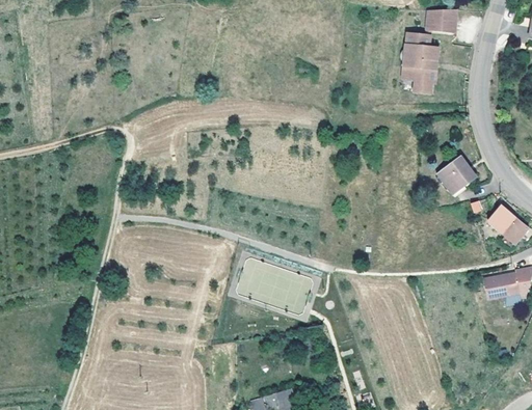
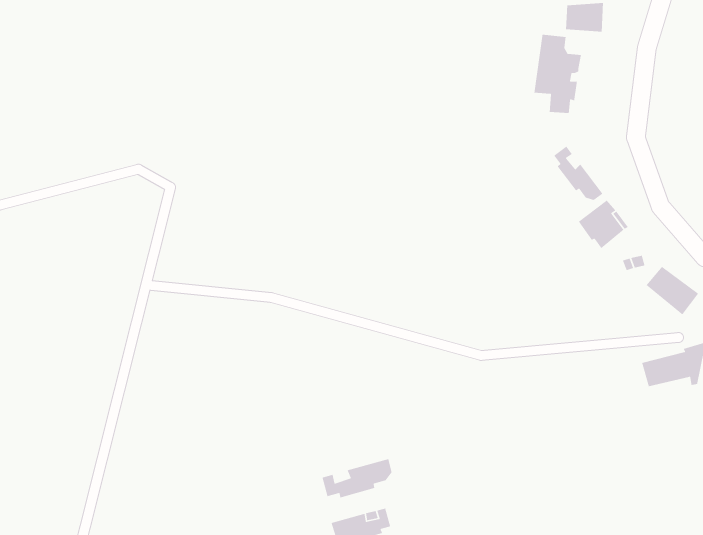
building: none -> [553,145,603,201]
building: none -> [321,458,393,498]

